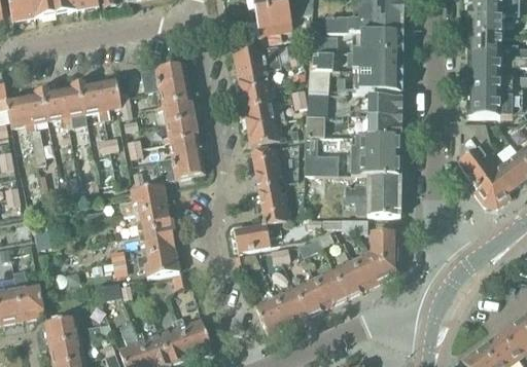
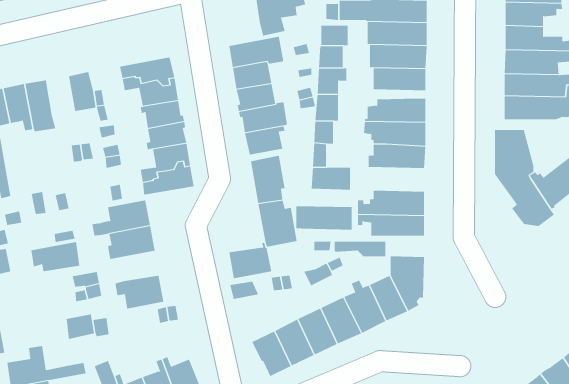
building: [79,80,105,120] -> none
building: [352,157,400,178] -> [295,206,352,230]
building: [133,228,175,254] -> [31,242,80,272]

